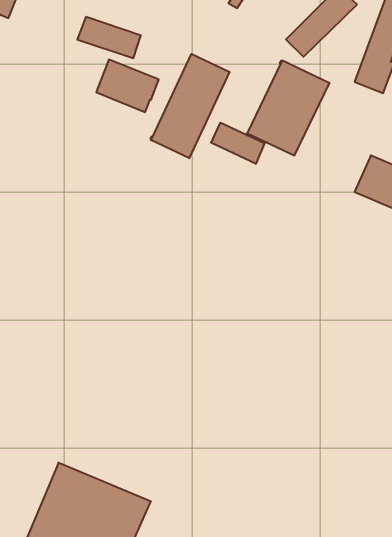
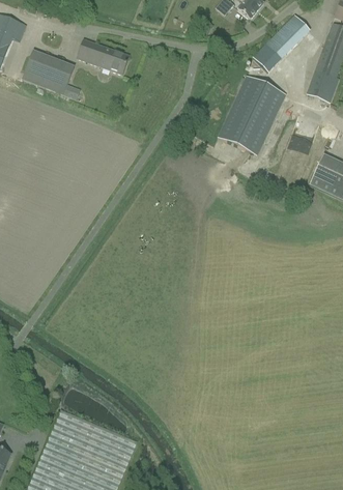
building: [151,54,230,158] -> none
building: [96,60,159,112] -> [23,51,75,94]
building: [211,123,265,164] -> none

